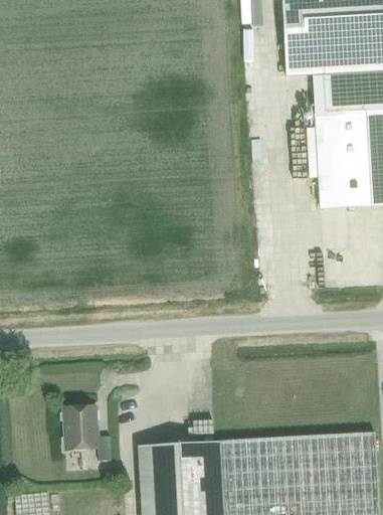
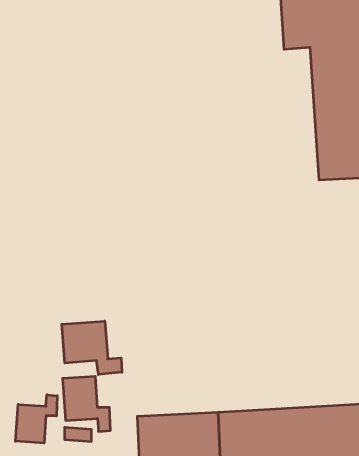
building: none -> [62,321,122,375]
building: none -> [15,395,57,443]

